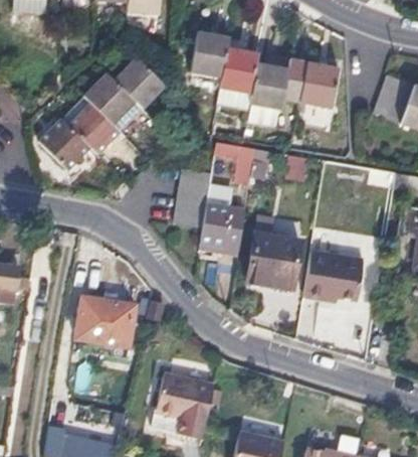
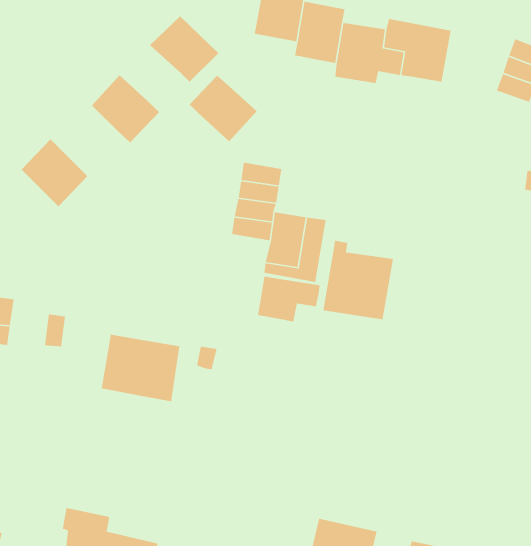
building: [85,72,137,123] -> [189,75,257,142]
building: [41,117,91,168] -> [21,139,88,207]
building: [217,143,256,183] -> none
building: [305,251,364,298] -> none
building: none -> [257,276,320,322]
building: [160,374,215,424] -> none

